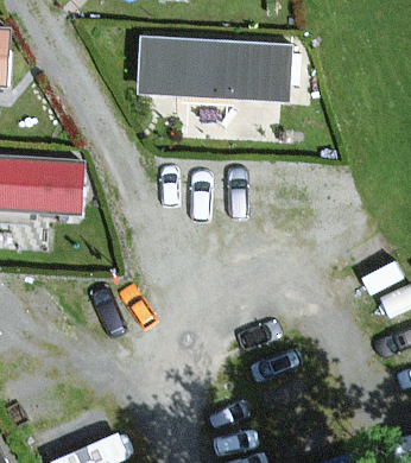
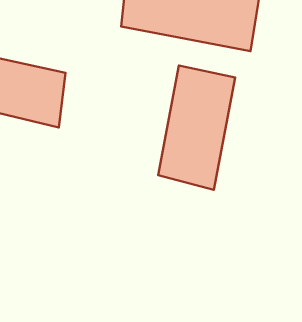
building: none -> [158,65,235,190]

